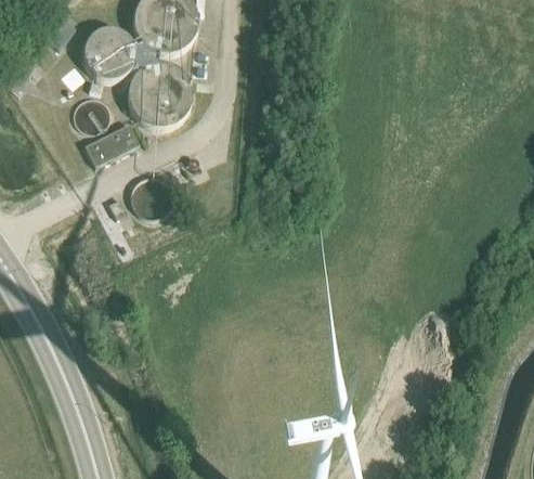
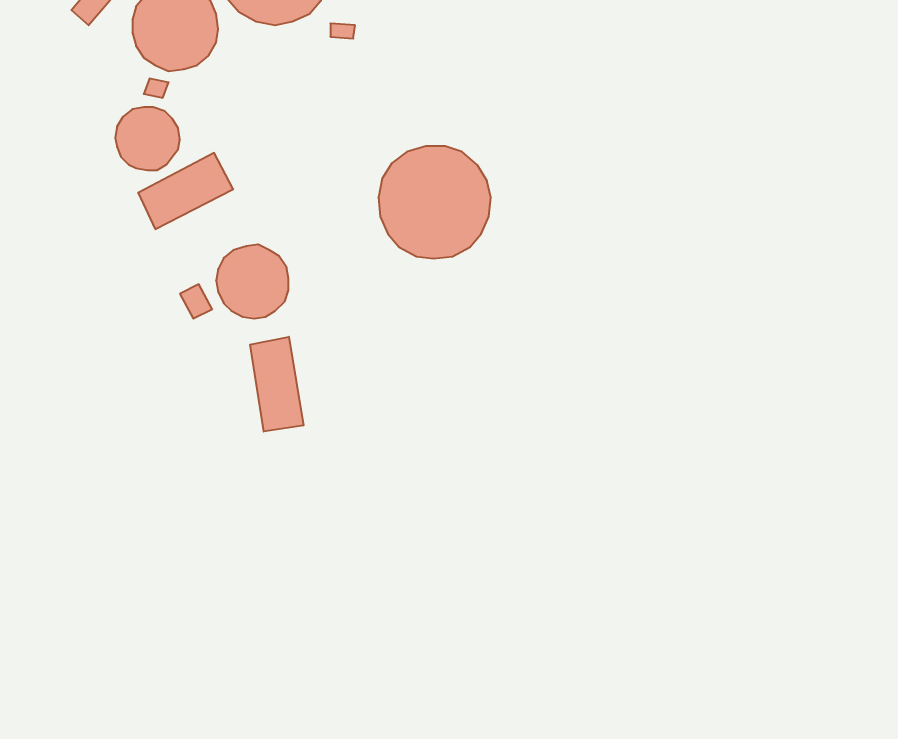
building: [131,64,195,128] -> [378,146,491,258]
building: none -> [250,337,304,432]

